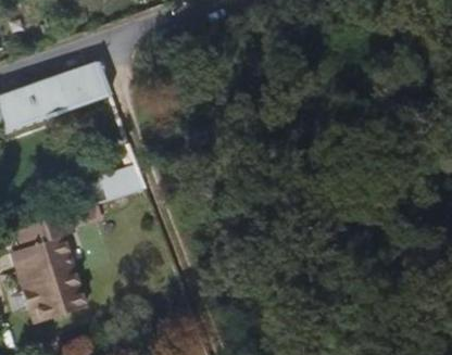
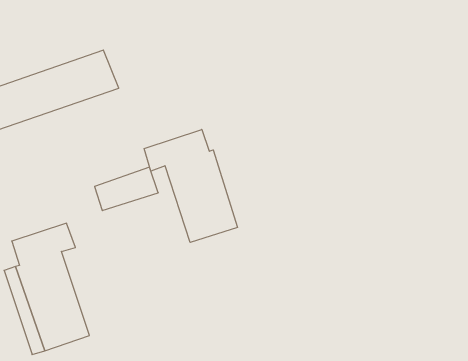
building: none -> [144,129,238,242]

